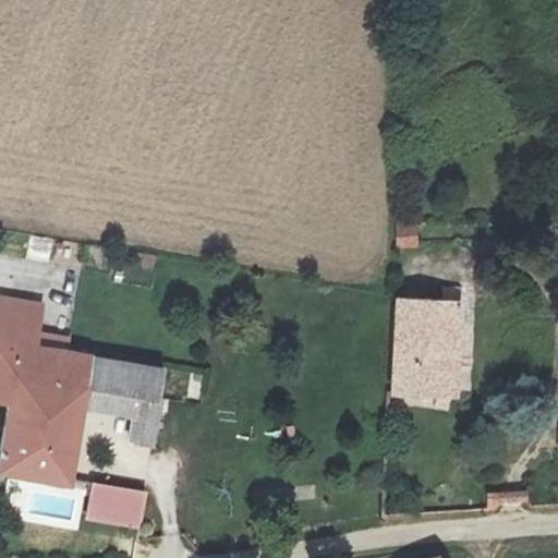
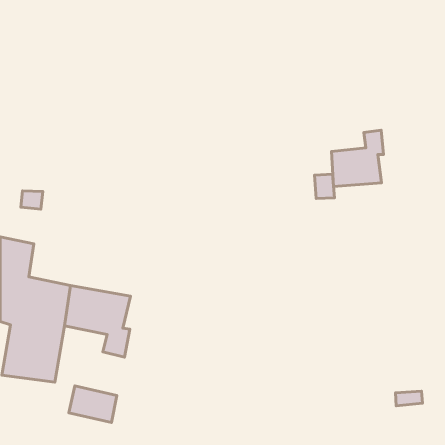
building: none -> [332,130,383,186]
building: [391,290,464,396] -> none

